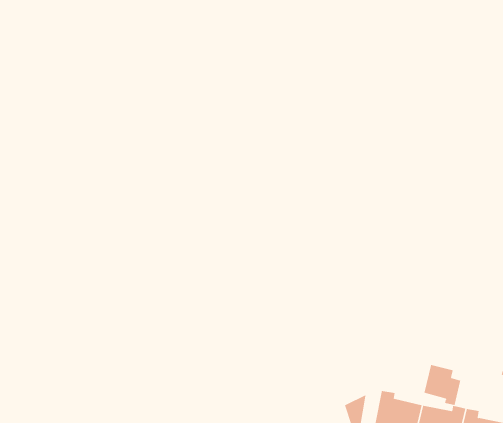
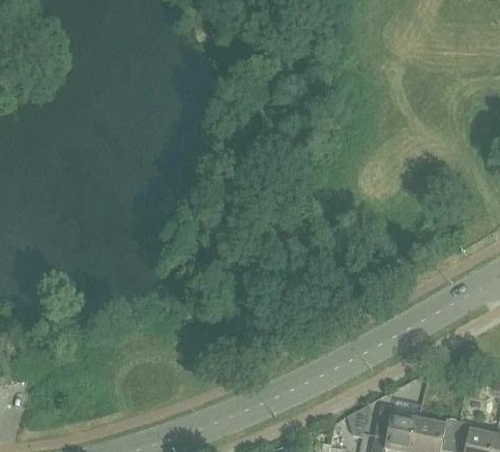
building: [424,364,461,406] -> none

